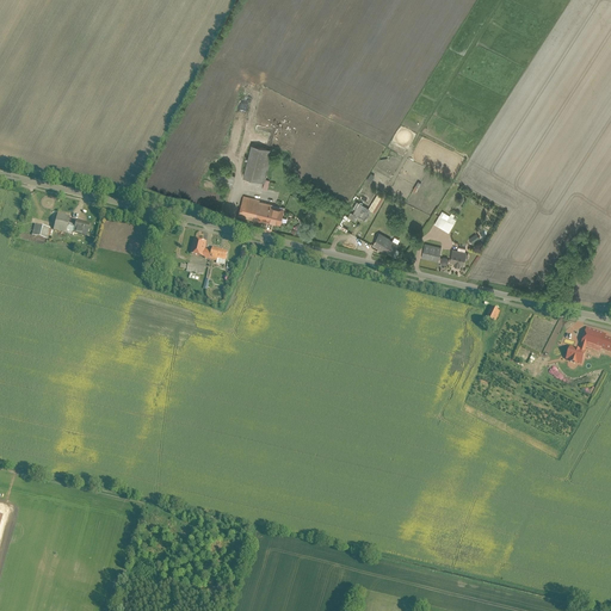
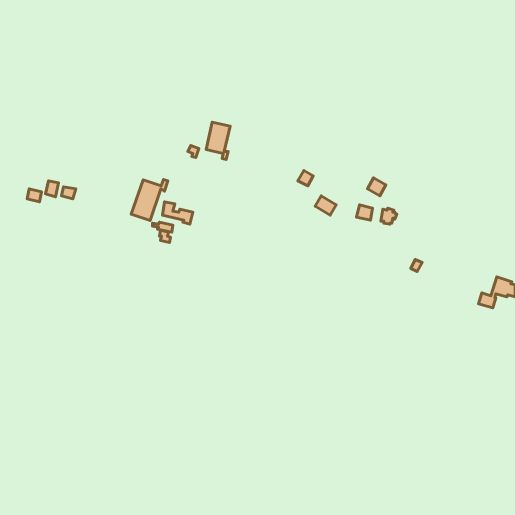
building: [237,195,284,224] -> none
building: none -> [131,180,168,221]

